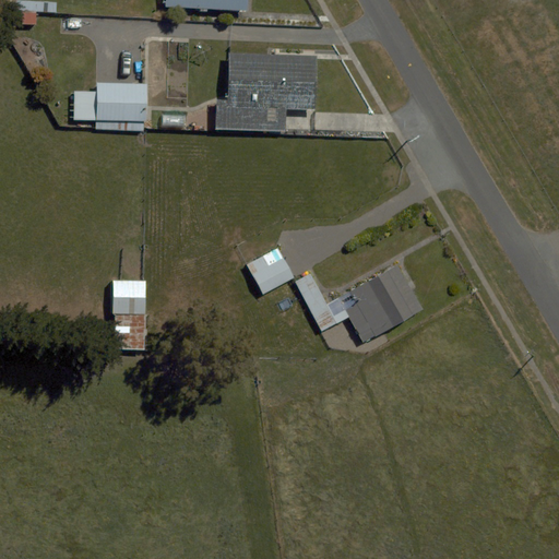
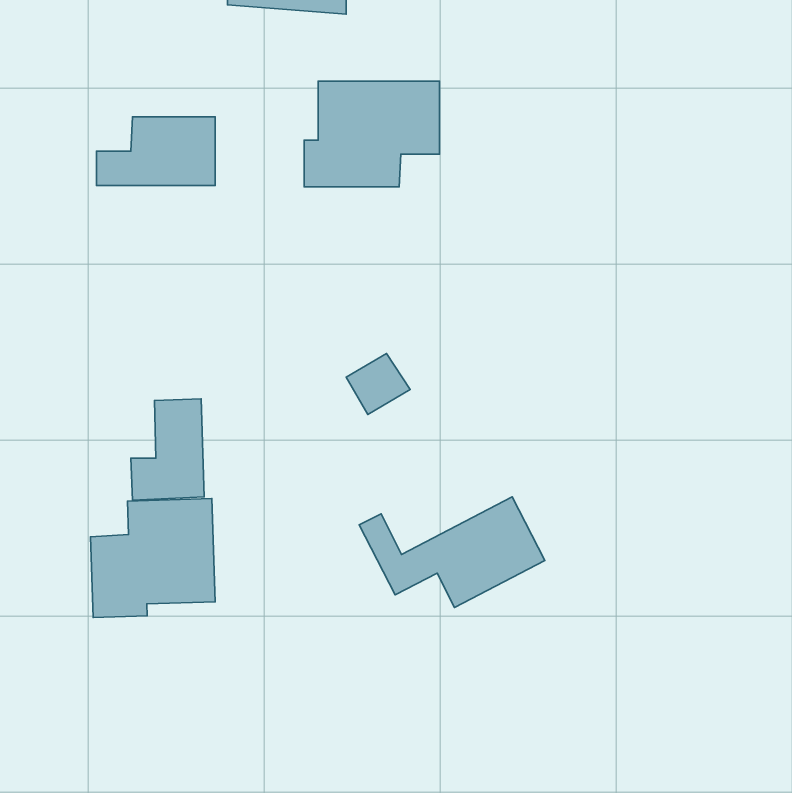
building: [296,263,426,341] -> [359,497,545,607]
building: none -> [91,499,215,618]

